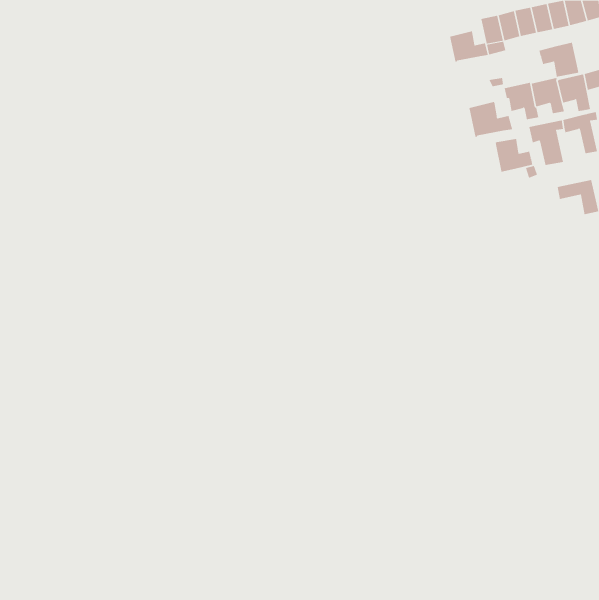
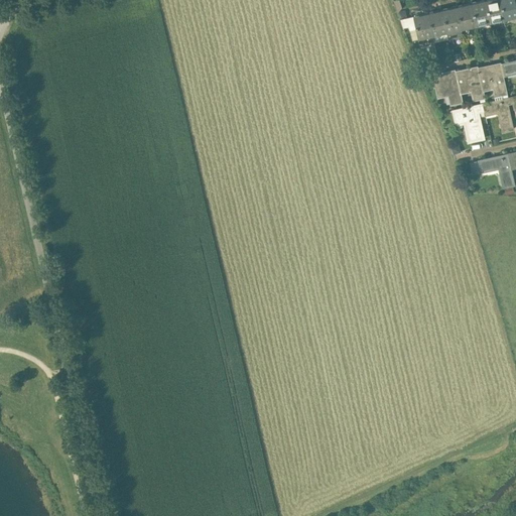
building: [450,31,489,62] -> none
building: [539,42,579,78] -> none
building: [469,101,513,138] -> none
building: [495,138,533,172] -> none

